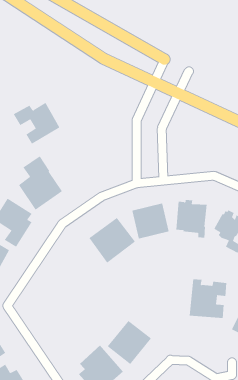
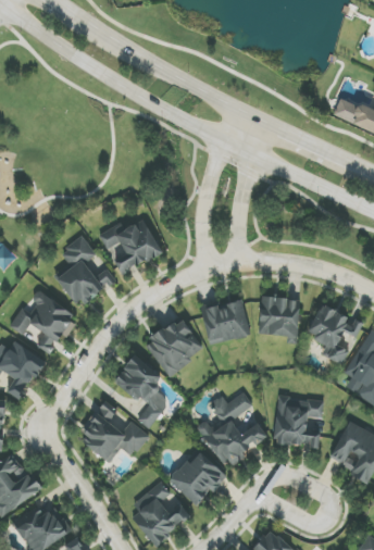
building: [13,102,60,144] -> [98,220,159,274]
building: none -> [113,354,171,428]
building: none -> [197,392,266,468]
building: none -> [80,400,149,463]

